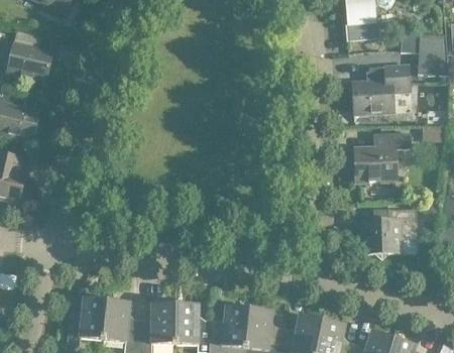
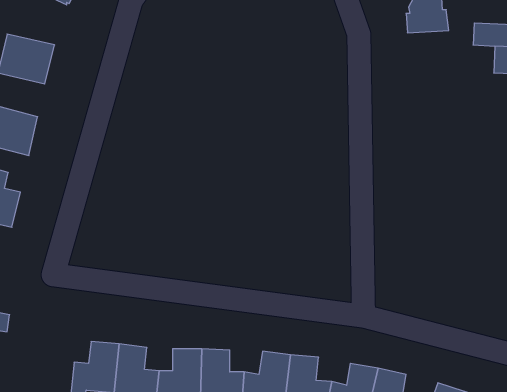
building: [349,65,411,120] -> none
building: [354,132,411,181] -> none
building: [360,208,418,258] -> none

